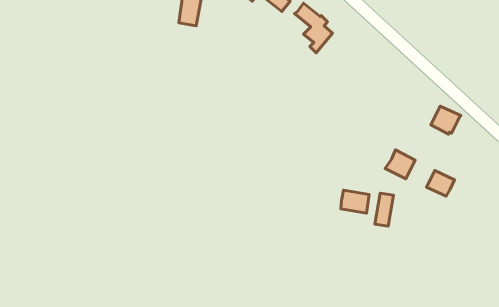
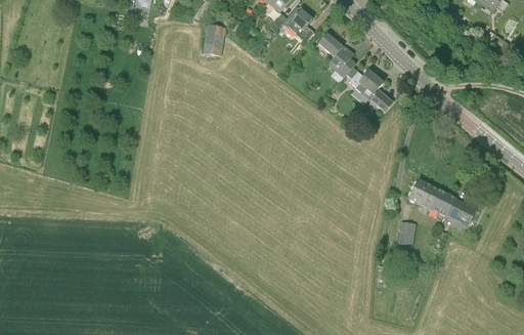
building: none -> [339,62,393,112]
building: [431,106,461,134] -> [428,189,457,216]
building: [341,190,369,213] -> none

